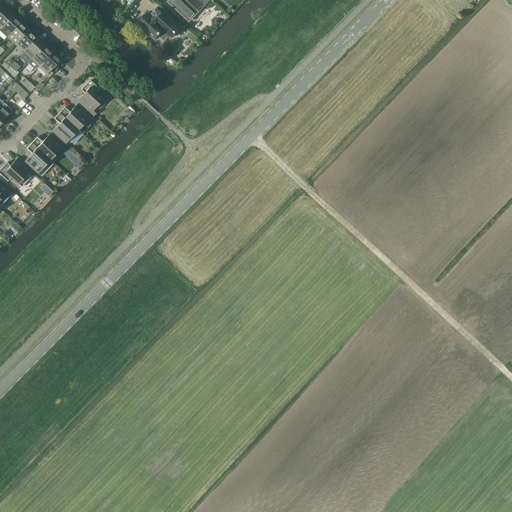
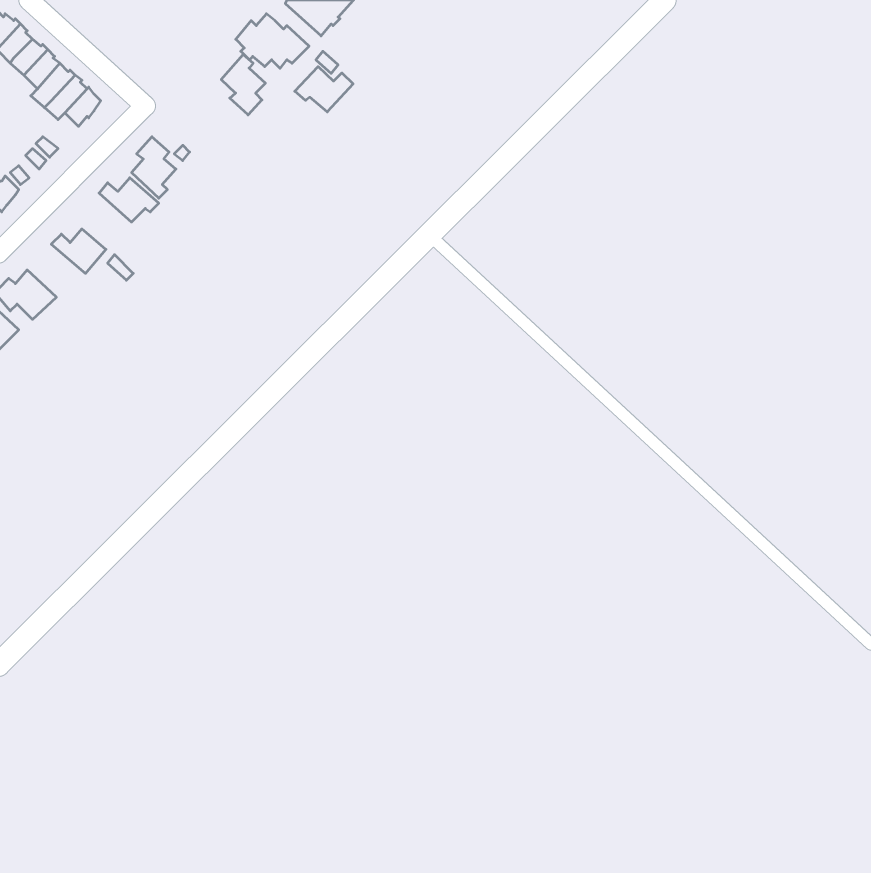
building: none -> [221,55,265,115]
building: none -> [295,67,353,112]
building: [51,113,77,144] -> none
building: [24,143,53,177] -> none

